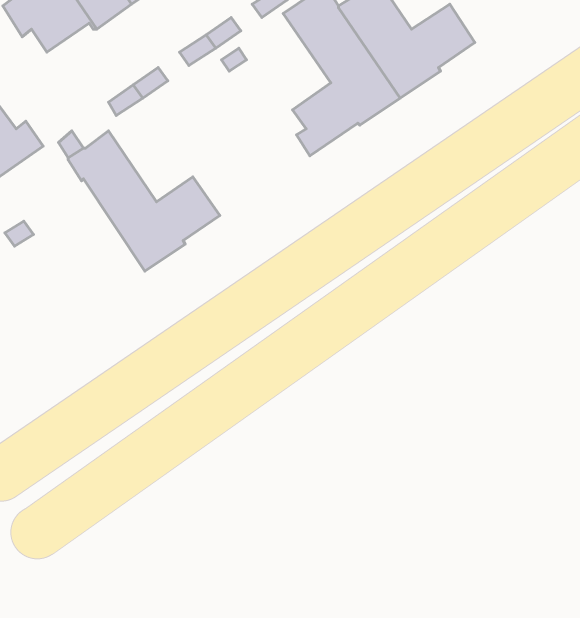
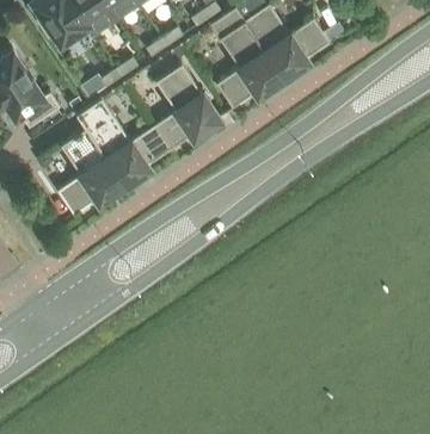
building: none -> [154,64,227,151]
building: none -> [57,129,124,217]

